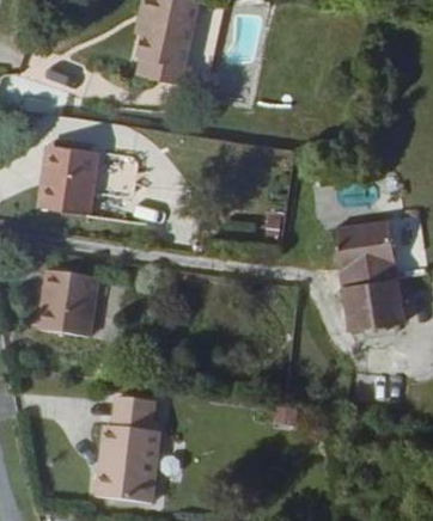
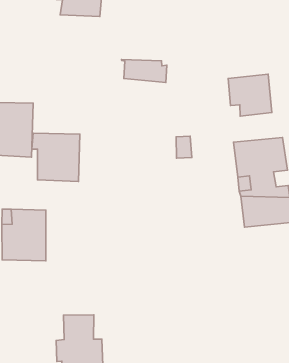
building: [144,49,196,82] -> [122,59,167,83]
building: none -> [228,74,272,116]
building: none -> [32,133,80,181]

